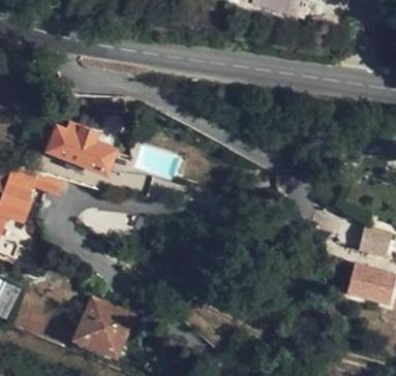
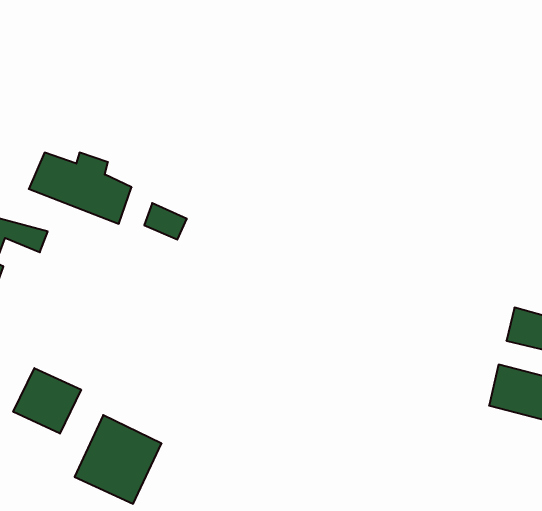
building: none -> [13,368,81,434]

